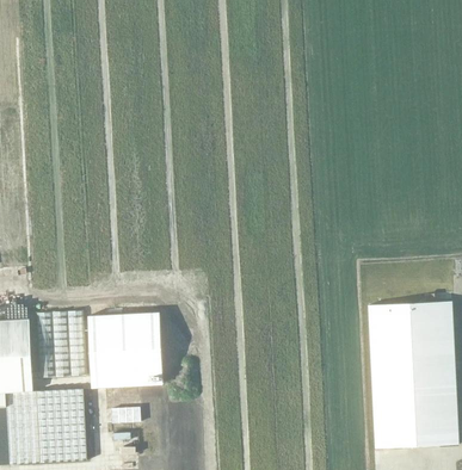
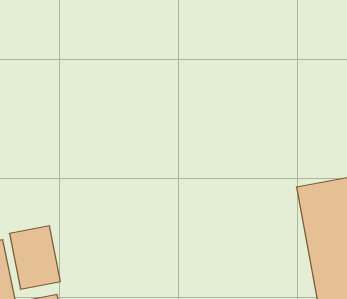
building: [86,313,162,389] -> none

